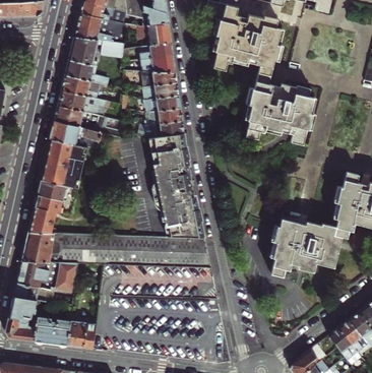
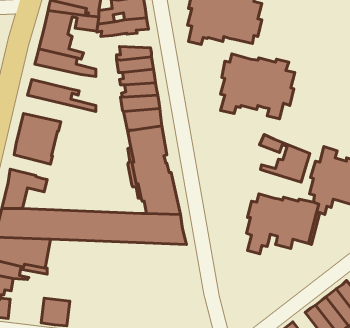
building: [137,55,175,73] -> none
building: [58,89,107,114] -> none
building: [50,120,101,149] -> none
building: none -> [260,135,310,182]
building: [37,179,76,203] -> none
building: [35,316,70,345] -> none

